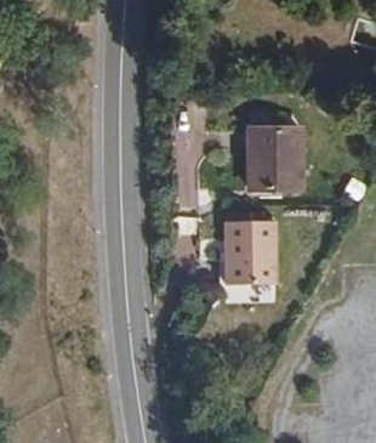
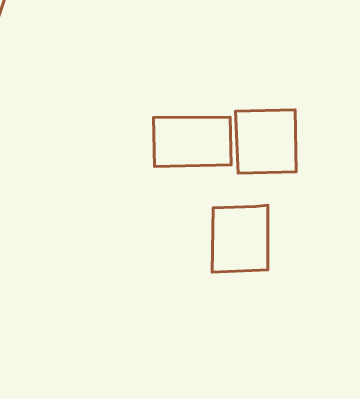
building: none -> [154,117,231,166]

